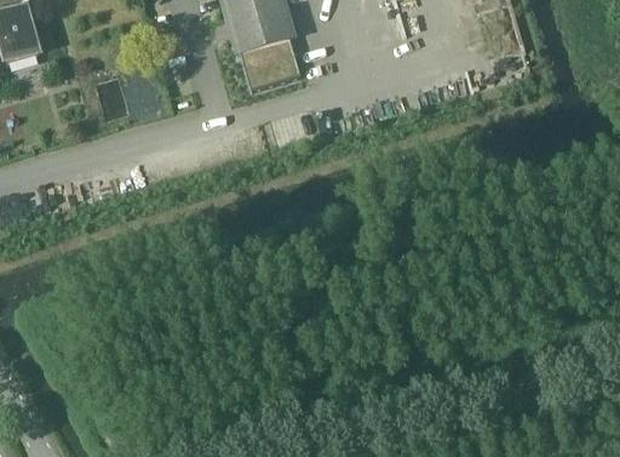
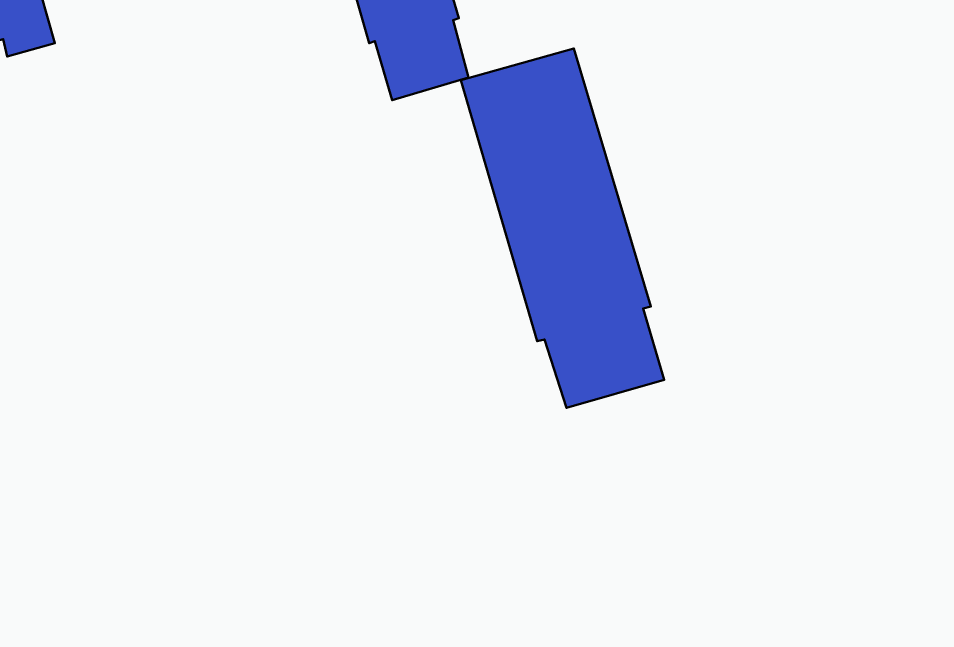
building: none -> [461,48,664,408]

